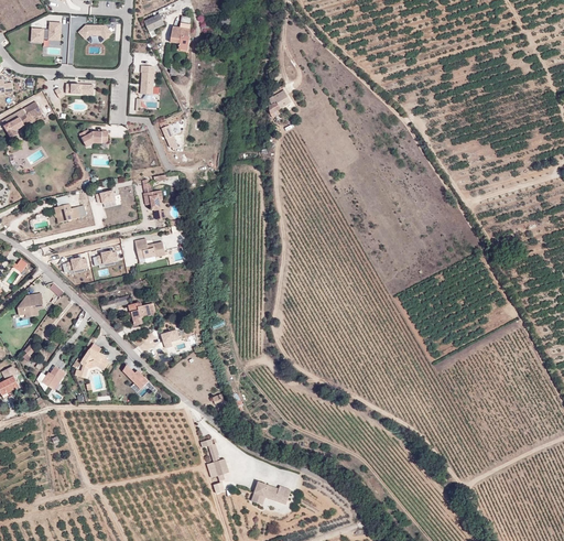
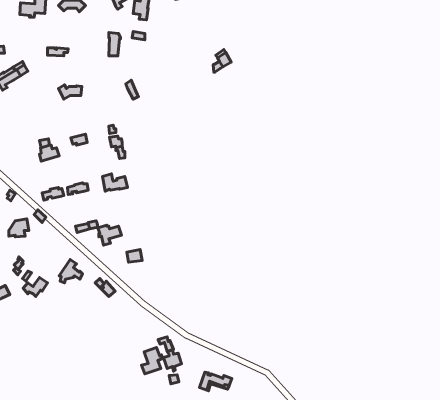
building: none -> [142,347,162,374]

